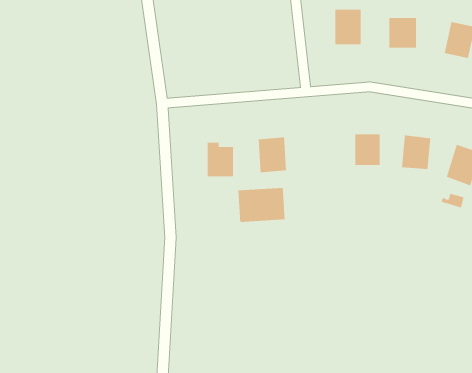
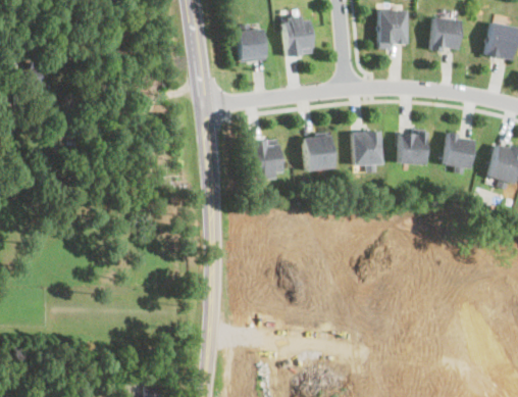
building: none -> [282,15,313,56]
building: none -> [238,29,267,61]
building: none -> [352,133,379,166]
building: [238,187,285,223] -> none

